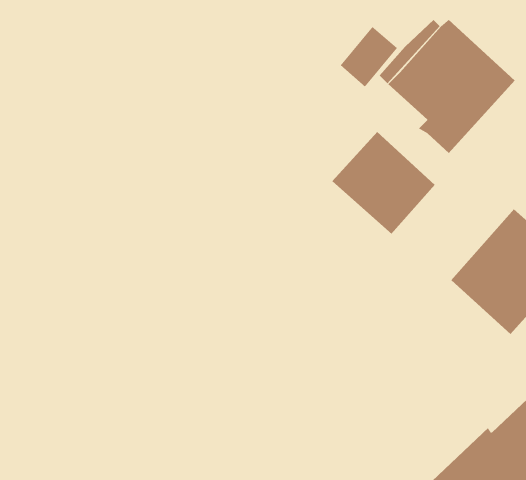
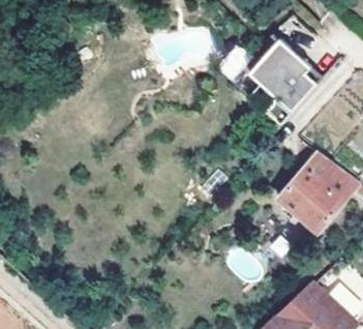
building: [332,131,436,235] -> none

